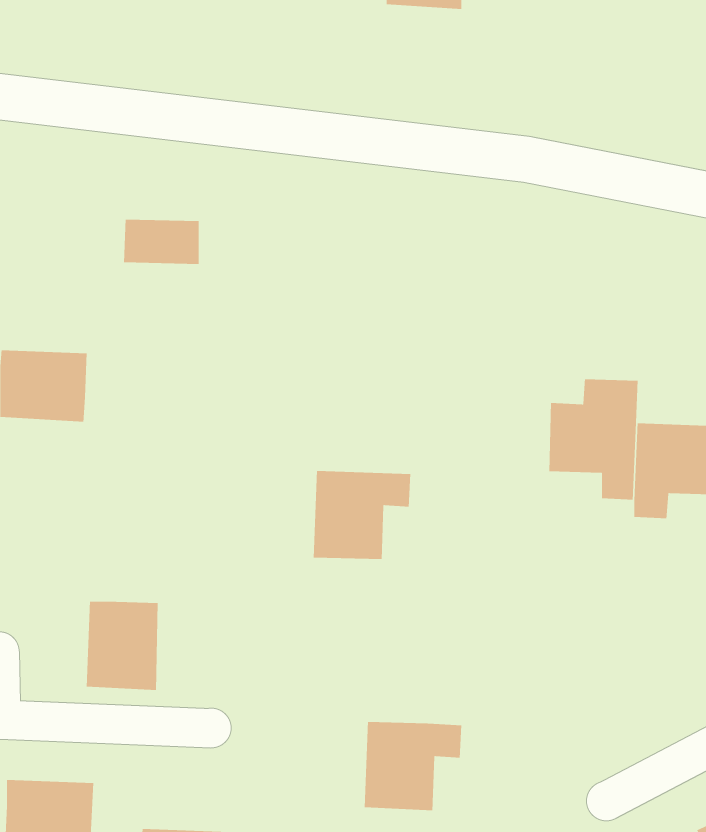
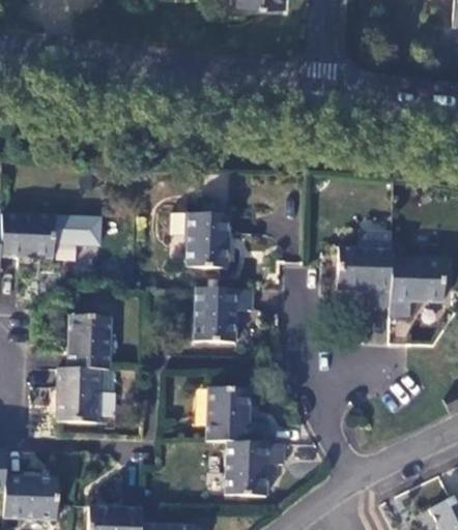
building: [123,219,200,265] -> [55,216,102,244]
building: none -> [187,213,230,268]
building: none -> [67,315,112,370]
building: none -> [206,387,265,442]

